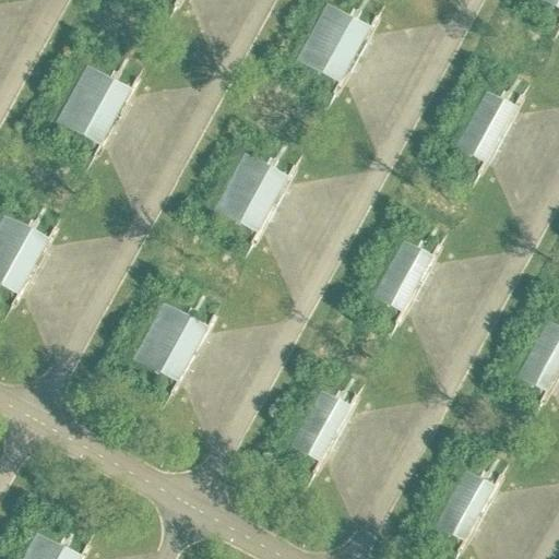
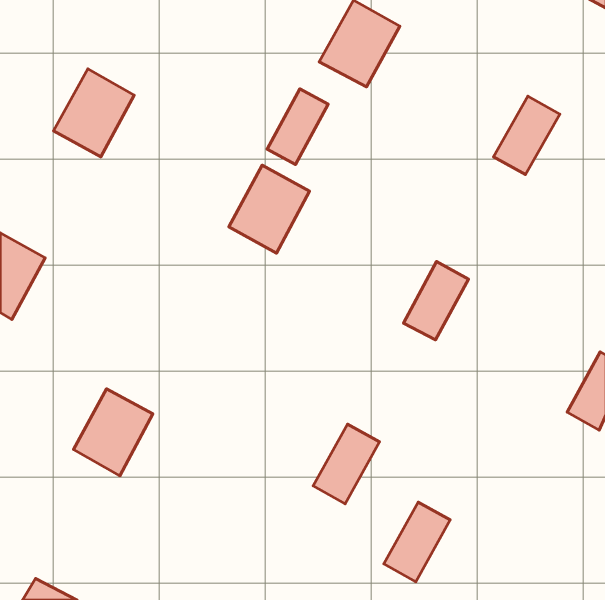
building: none -> [267,89,328,165]
building: [130,302,203,382] -> [73,389,153,476]
building: [440,473,501,546] -> [384,502,450,582]

